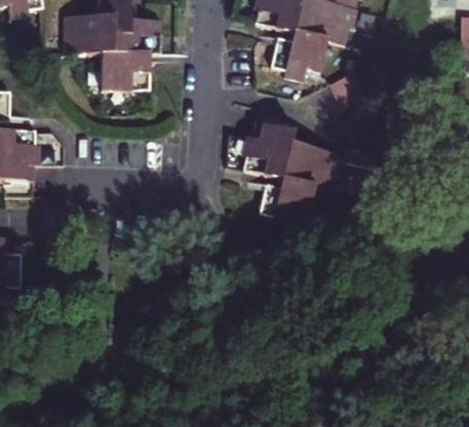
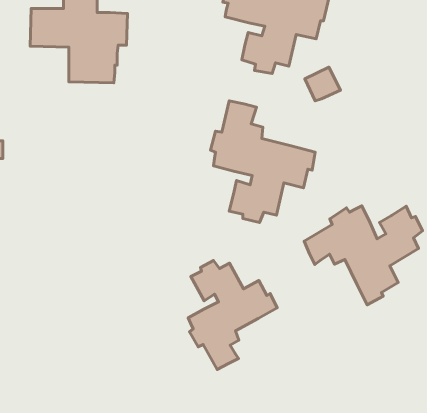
building: none -> [304,206,422,305]
building: none -> [188,260,277,369]

